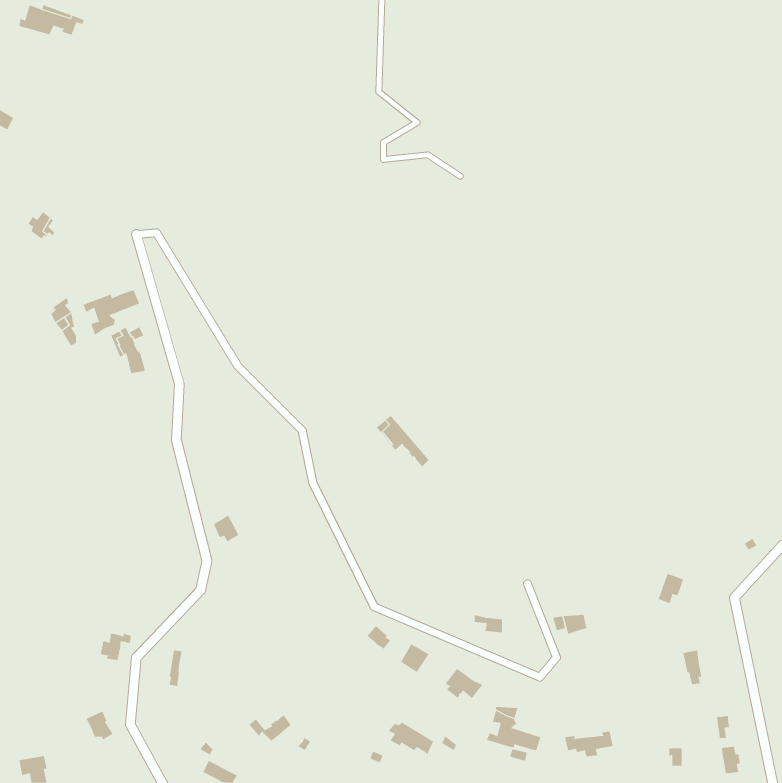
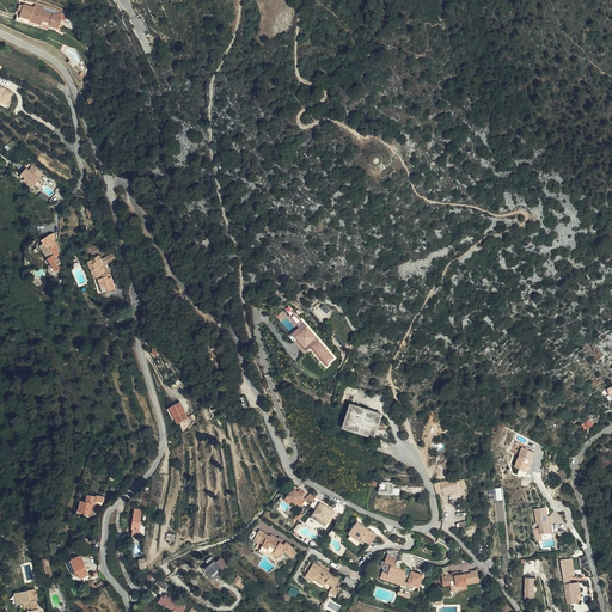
building: [82,290,140,336] -> none
building: none -> [342,404,391,440]
building: none -> [252,530,296,558]

